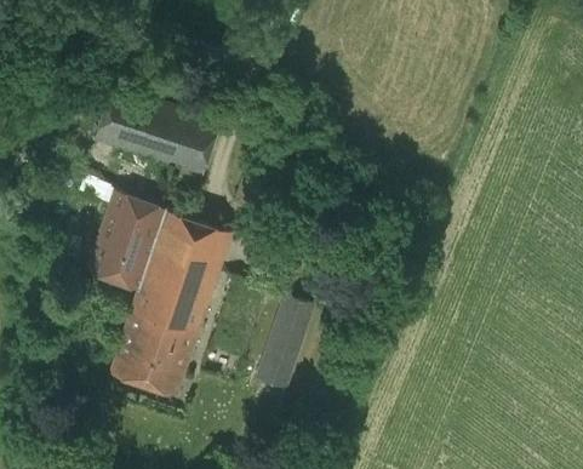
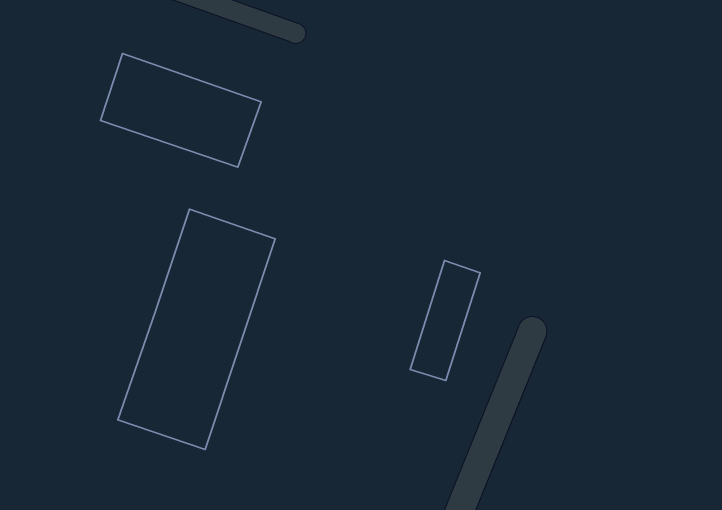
building: [87,194,164,291] -> none
building: [257,297,311,390] -> [410,260,480,380]

